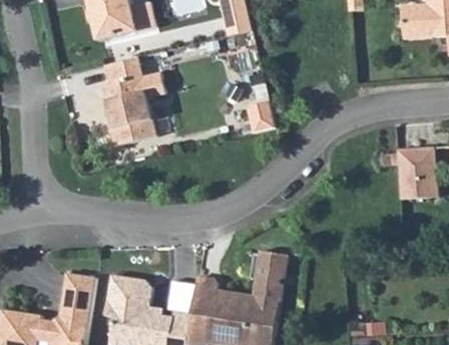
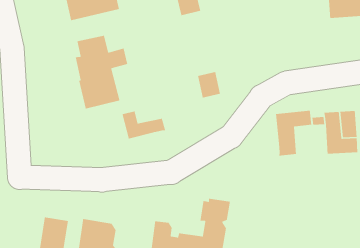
building: none -> [275,110,312,157]
building: none -> [122,111,166,139]

